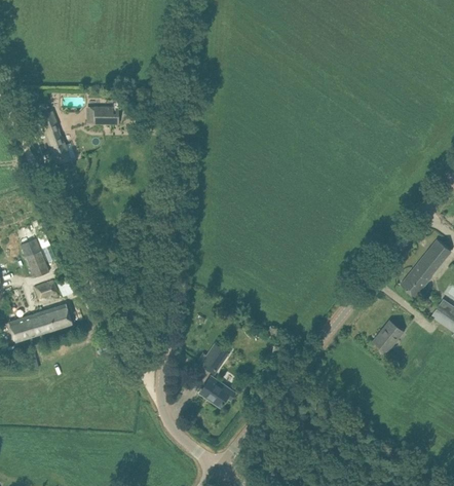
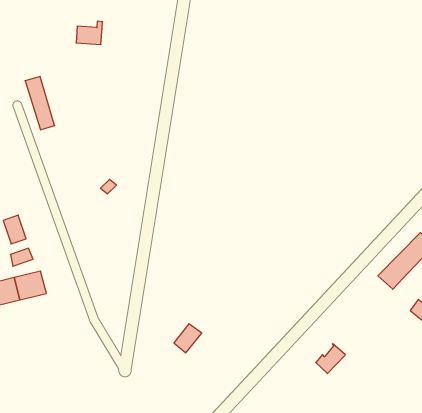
building: [94,102,119,124] -> [76,21,103,45]
building: [374,322,403,351] -> [316,344,345,374]
building: [200,380,235,407] -> none

